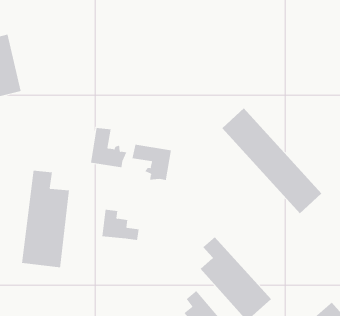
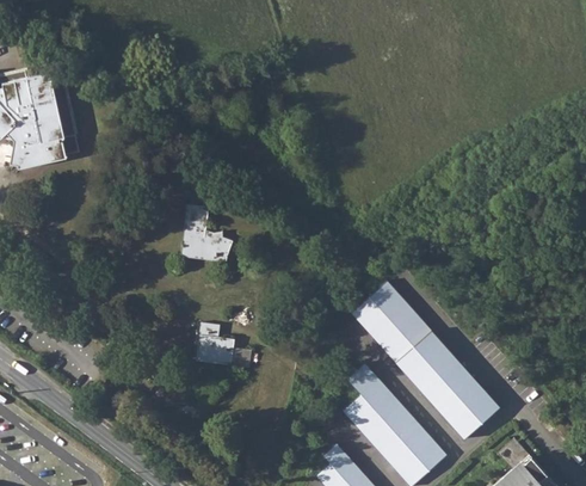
building: [221,107,322,214] -> [348,282,494,436]
building: [132,144,172,181] -> none
building: [21,170,70,268] -> none

